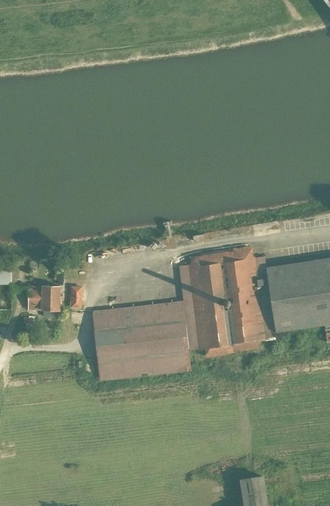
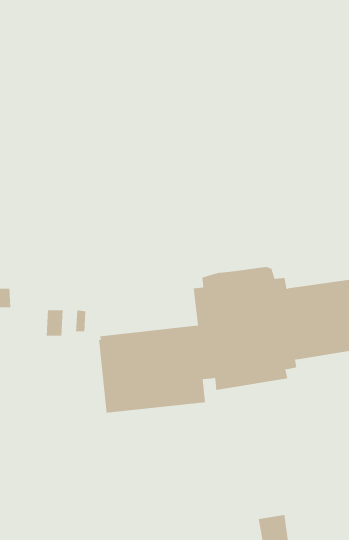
building: [28,287,45,311] -> none

